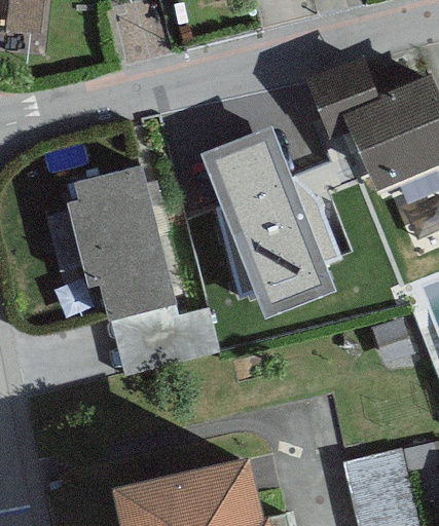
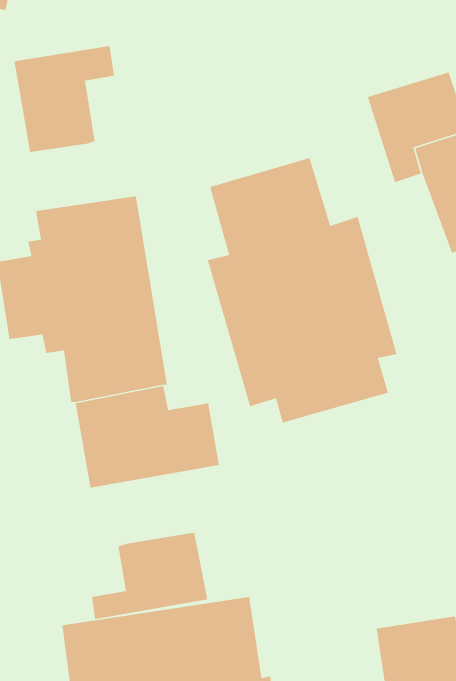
building: none -> [13,45,115,153]
building: none -> [91,532,208,620]

